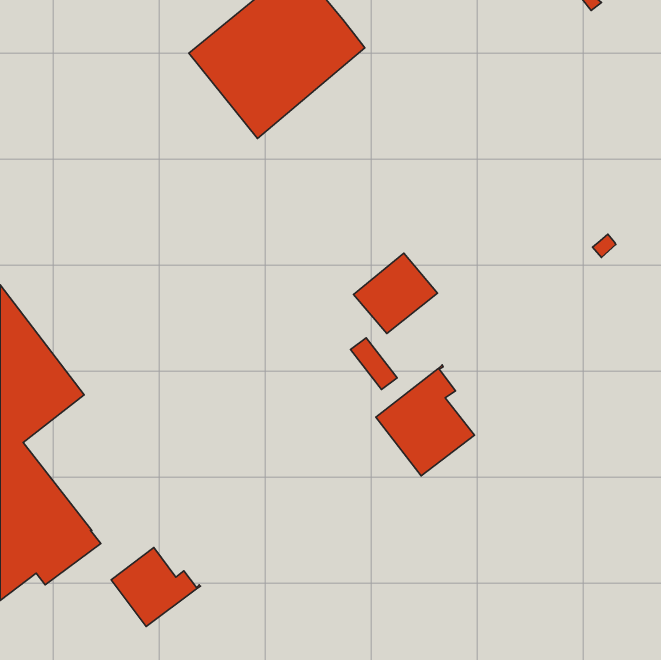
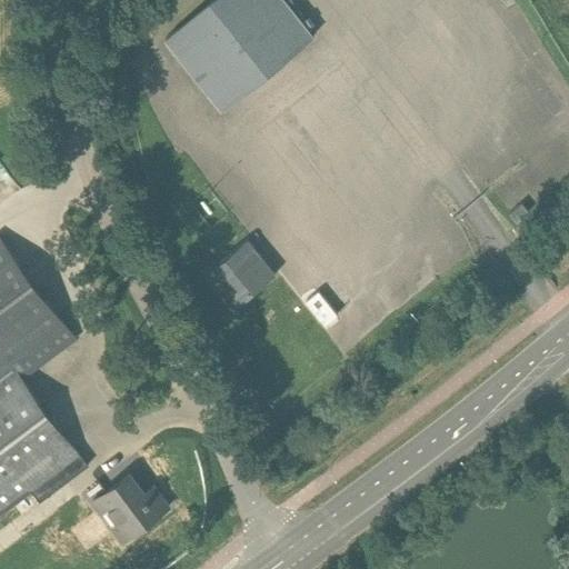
building: [353,253,437,333] -> [202,240,274,309]
building: [376,365,474,476] -> none

